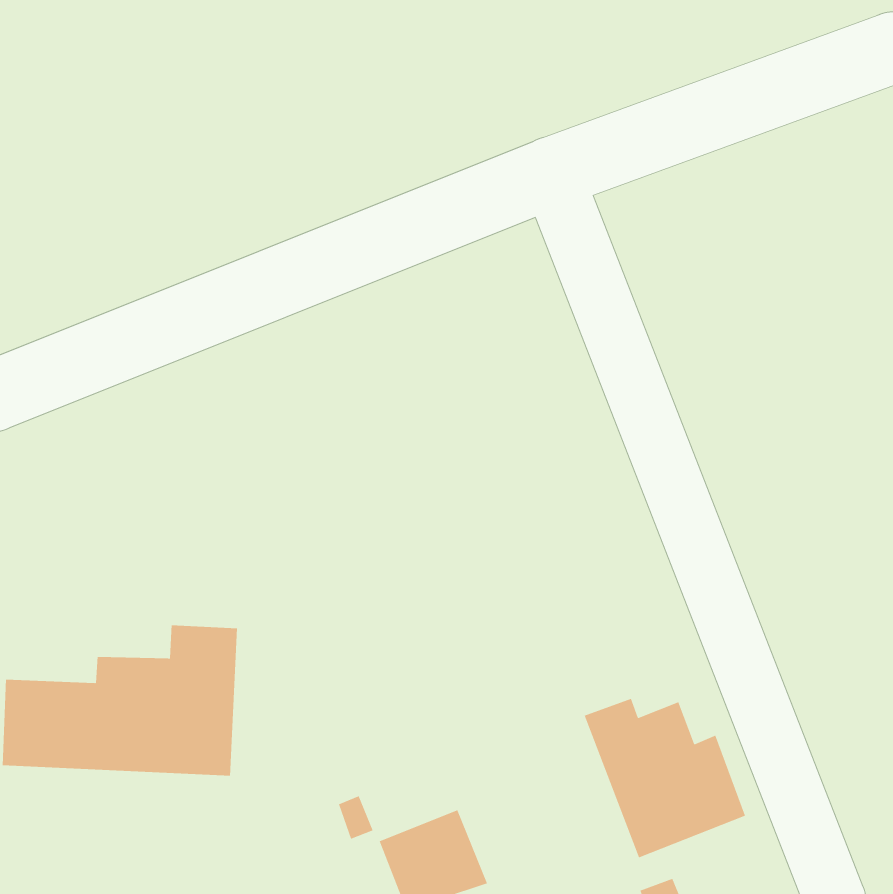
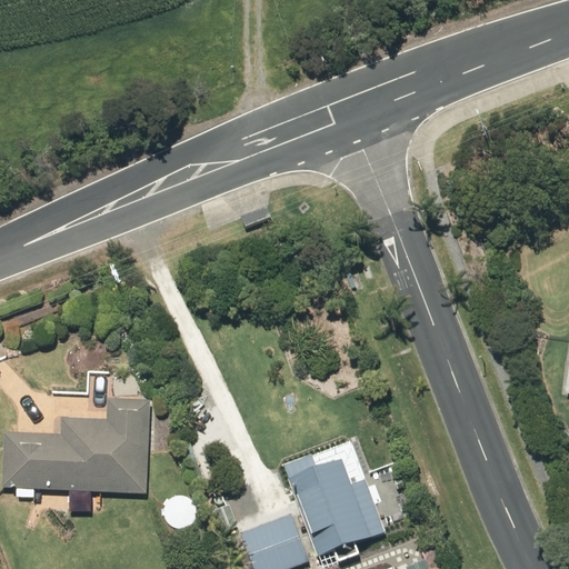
building: [584,698,746,858] -> [282,452,385,553]

